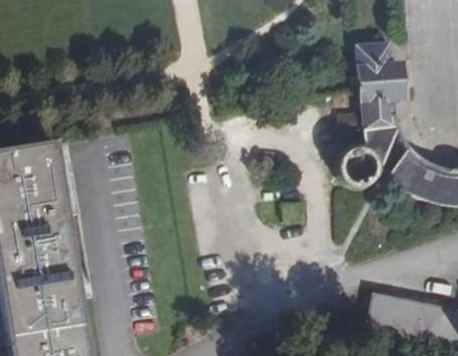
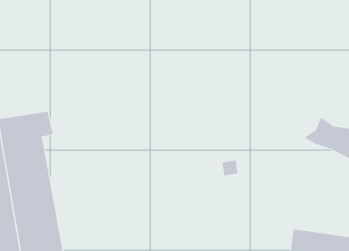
building: [339,50,402,194] -> none

